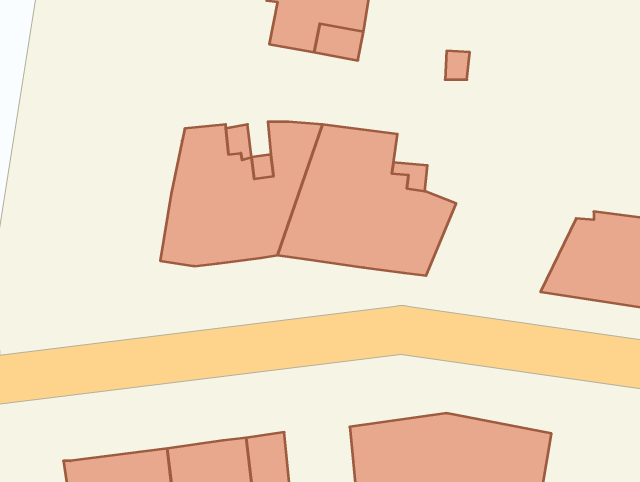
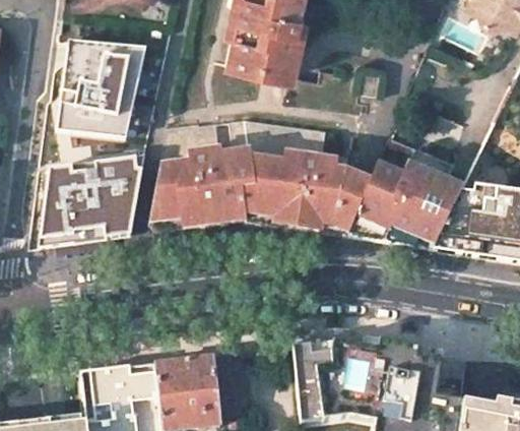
building: none -> [53,41,145,139]
building: none -> [346,136,462,249]
building: none -> [35,158,142,248]

